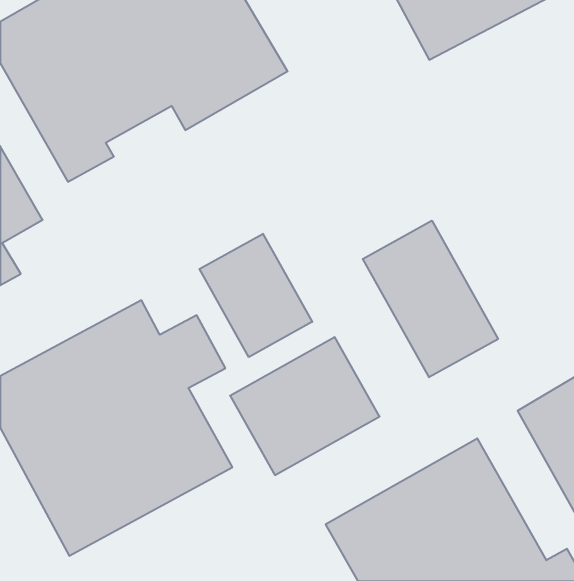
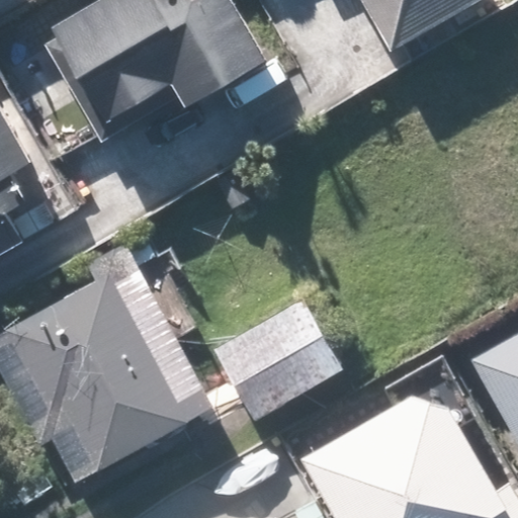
building: [363,221,498,377] -> none
building: [199,234,312,357] -> none

